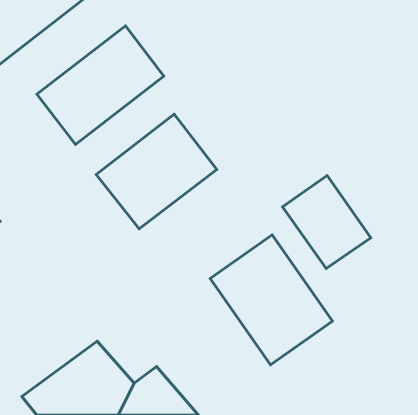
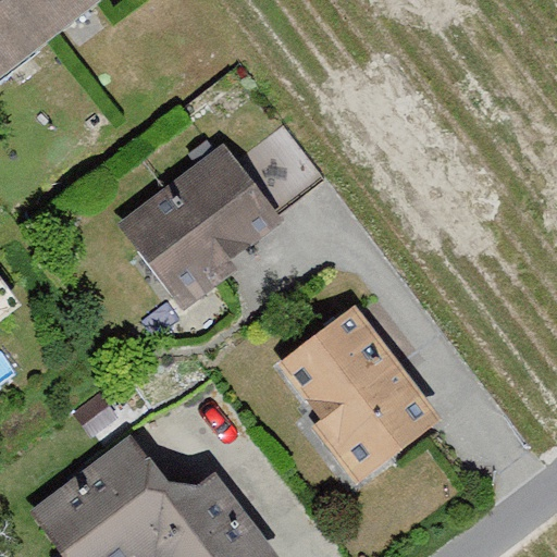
building: [37,26,164,145] -> none
building: [282,175,371,269] -> none

